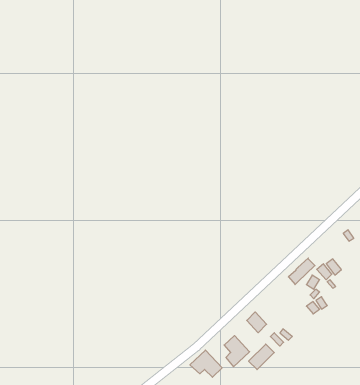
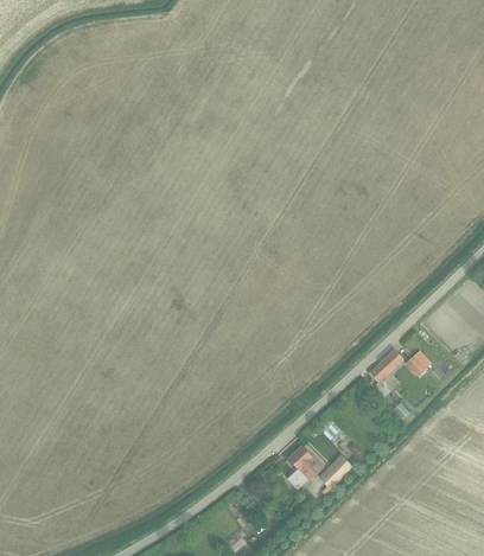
building: [190,350,222,377] -> none

